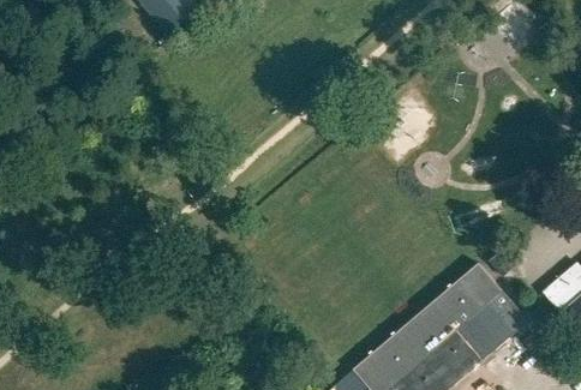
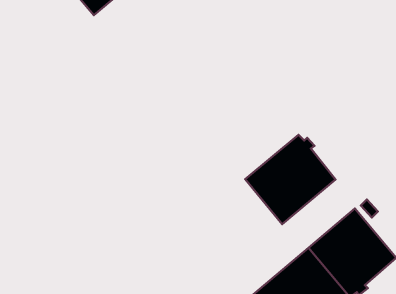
building: none -> [245,135,335,224]

